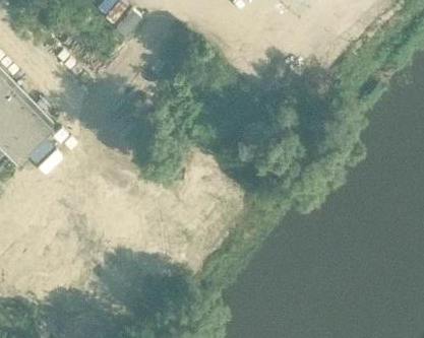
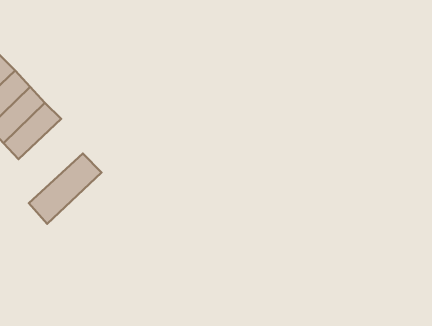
building: none -> [29,153,101,224]

